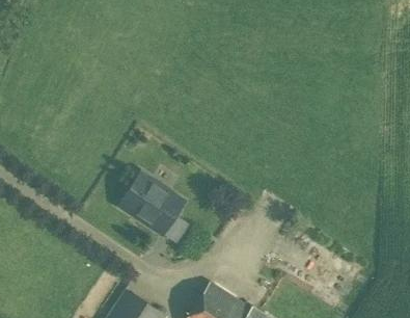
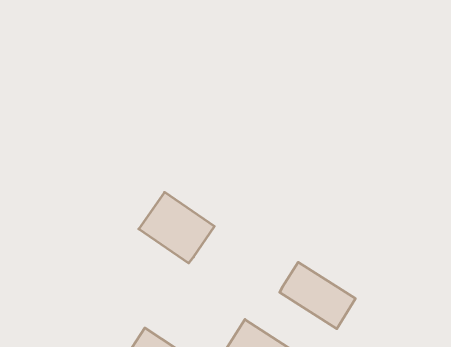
building: none -> [280,262,355,329]

